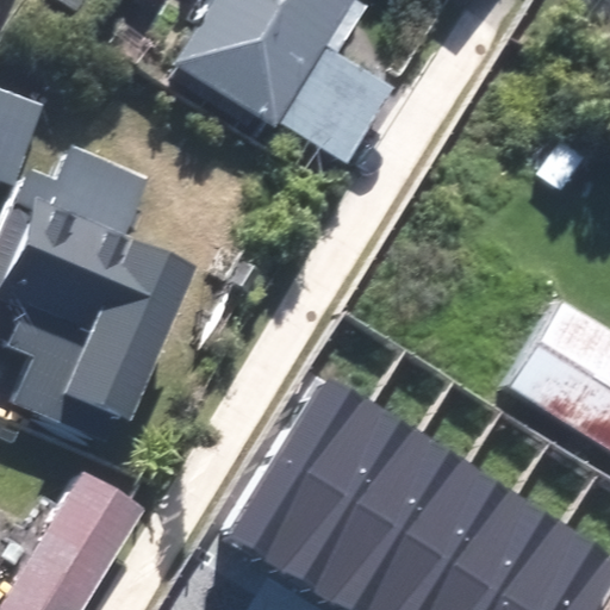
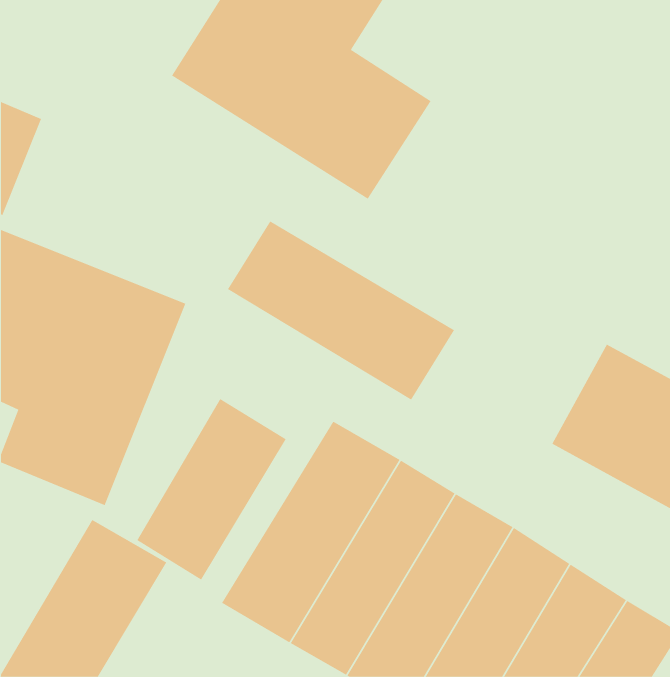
building: none -> [227,221,455,400]
building: none -> [137,398,286,581]

